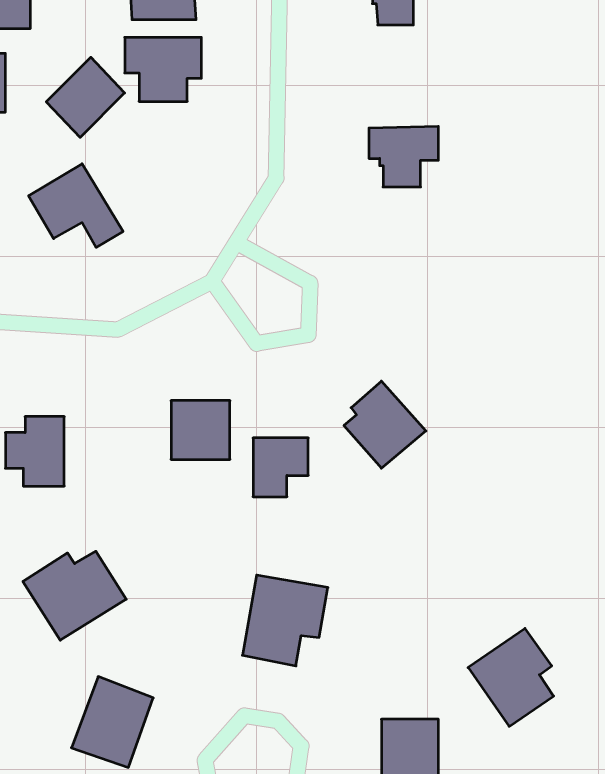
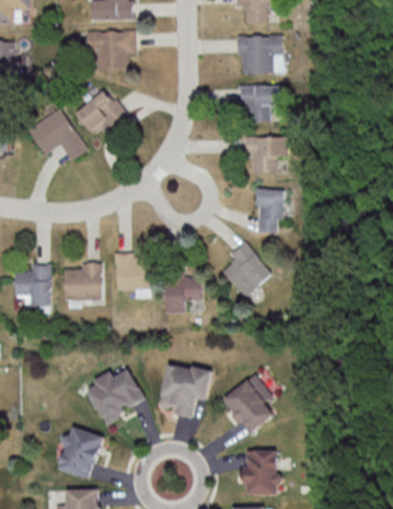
building: none -> [235,35,279,73]
building: [46,57,125,137] -> [77,88,125,137]
building: none -> [243,137,286,173]
building: none -> [256,188,284,232]
building: none -> [65,263,101,300]
building: [23,551,126,640] -> [84,369,148,424]
building: [468,628,554,726] -> [222,373,275,433]

